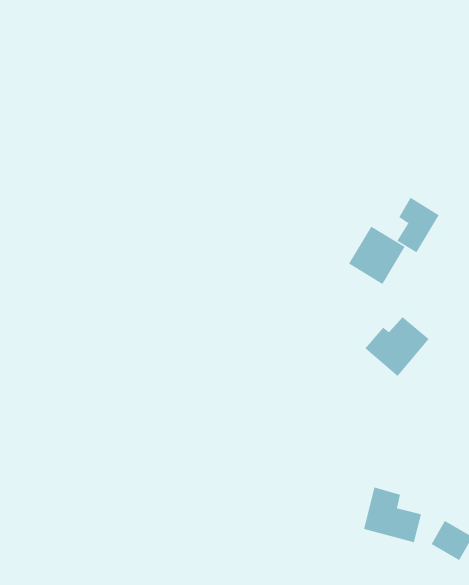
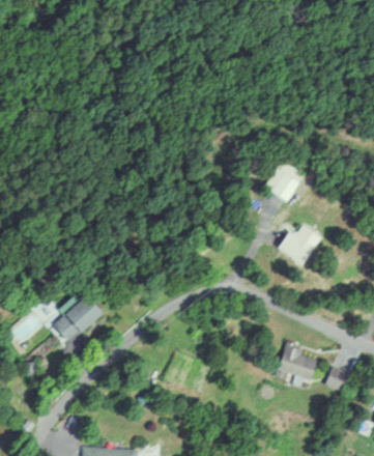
building: [397,197,439,253] -> none
building: none -> [53,295,100,341]

